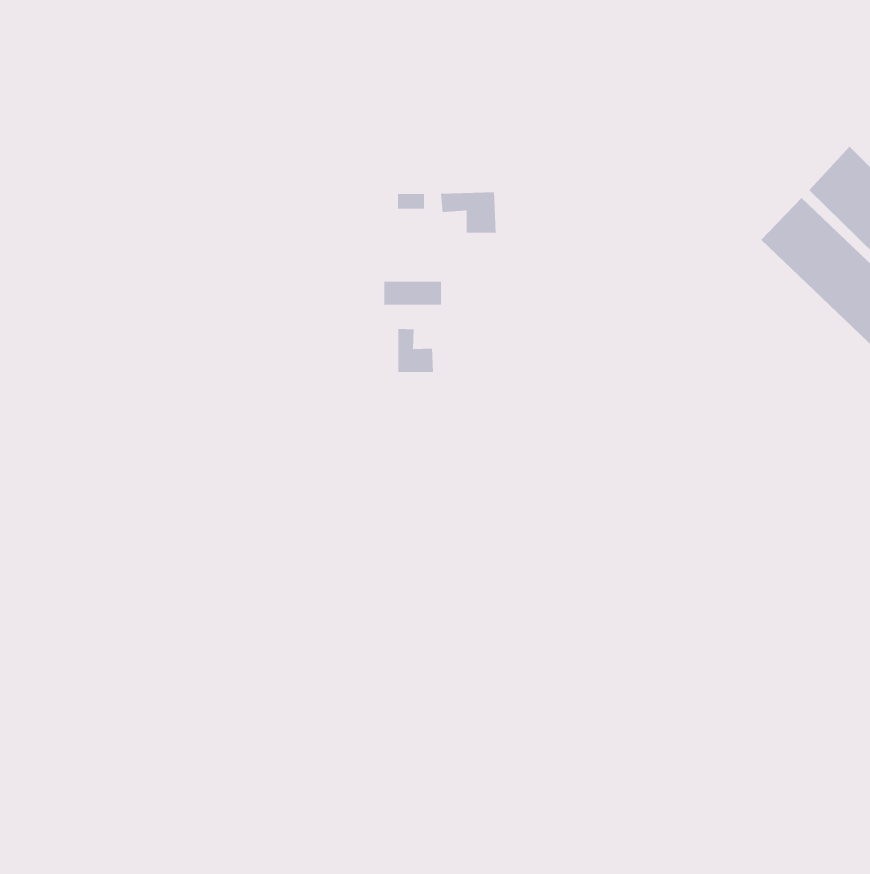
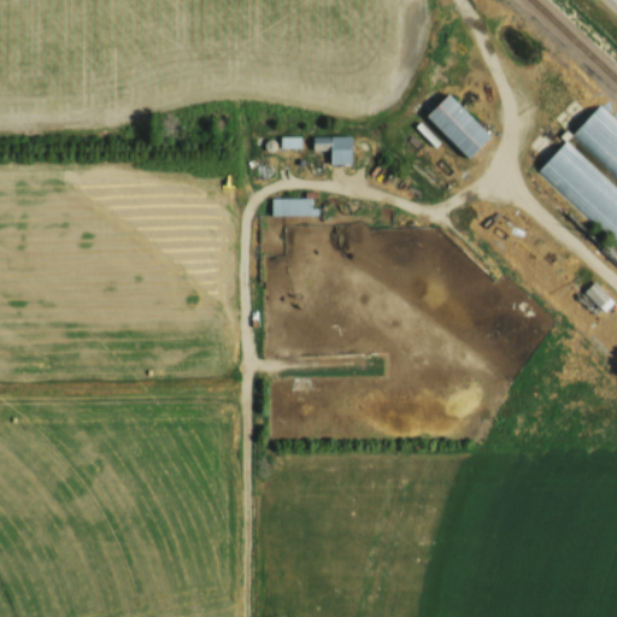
building: none -> [427,93,493,160]
building: [398,328,433,373] -> none

